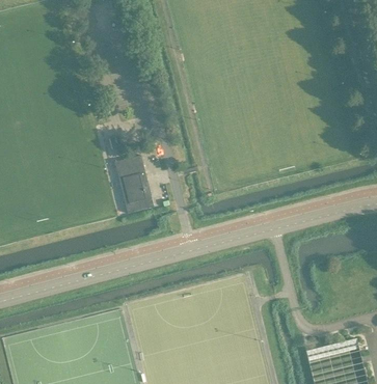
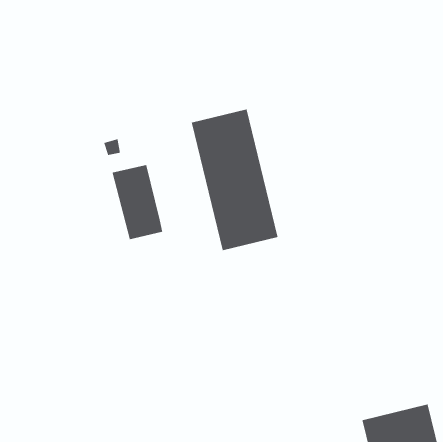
building: none -> [191,108,279,251]

